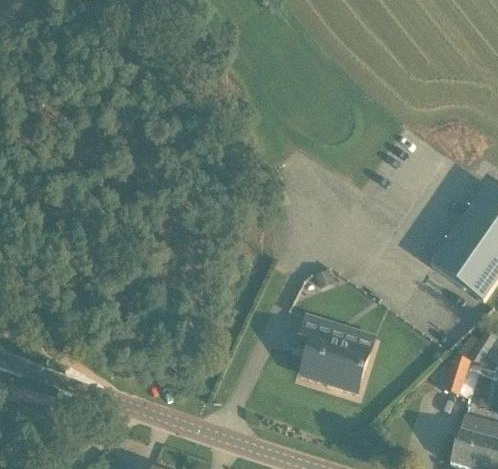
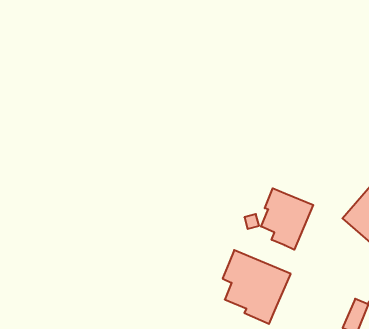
building: none -> [261,188,313,250]

